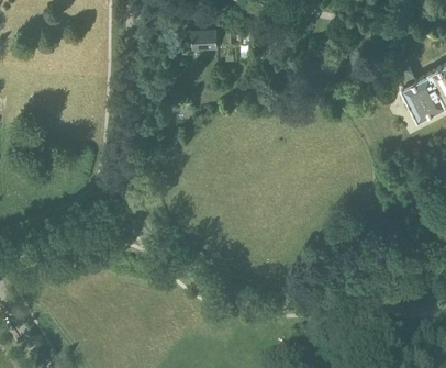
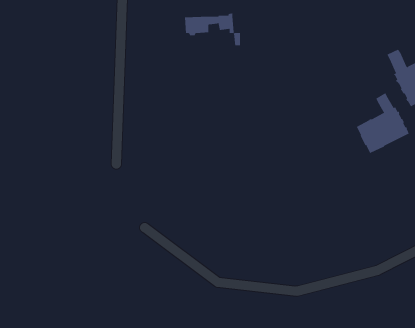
building: none -> [356,92,410,154]

